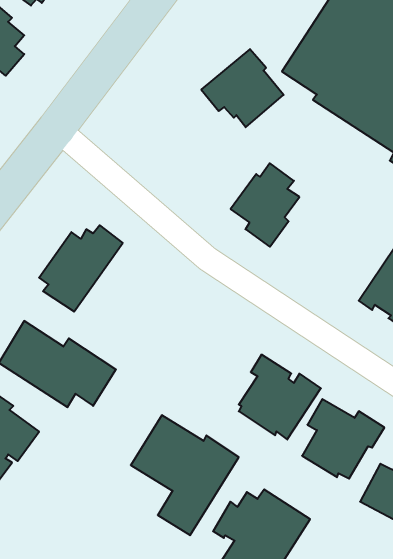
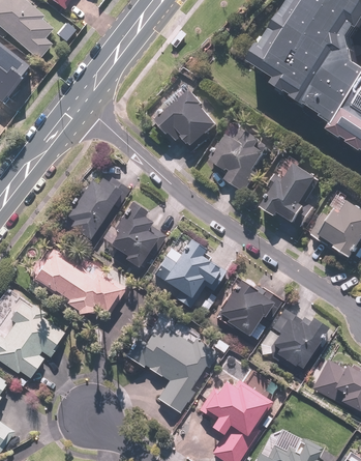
building: [201,49,284,127] -> [154,89,217,149]
building: none -> [257,153,320,226]
building: none -> [103,202,168,278]
building: none -> [151,232,225,310]

